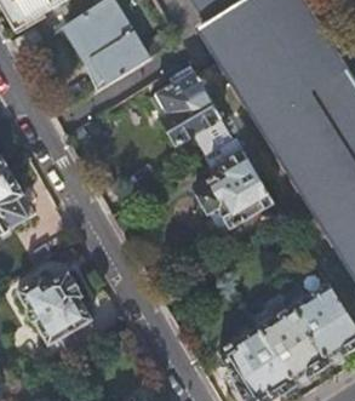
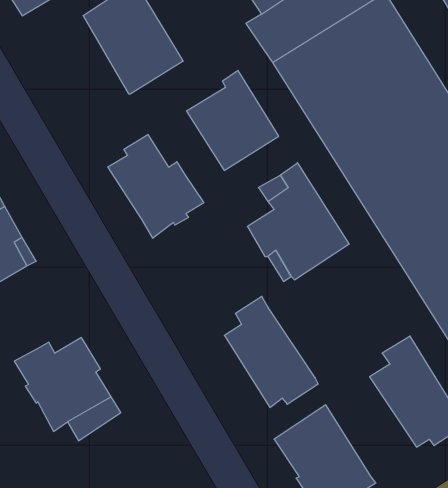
building: none -> [108,134,204,238]
building: [258,293,331,379] -> [224,296,318,407]

